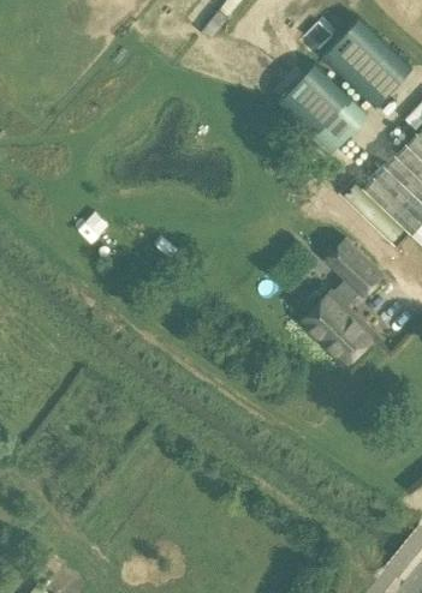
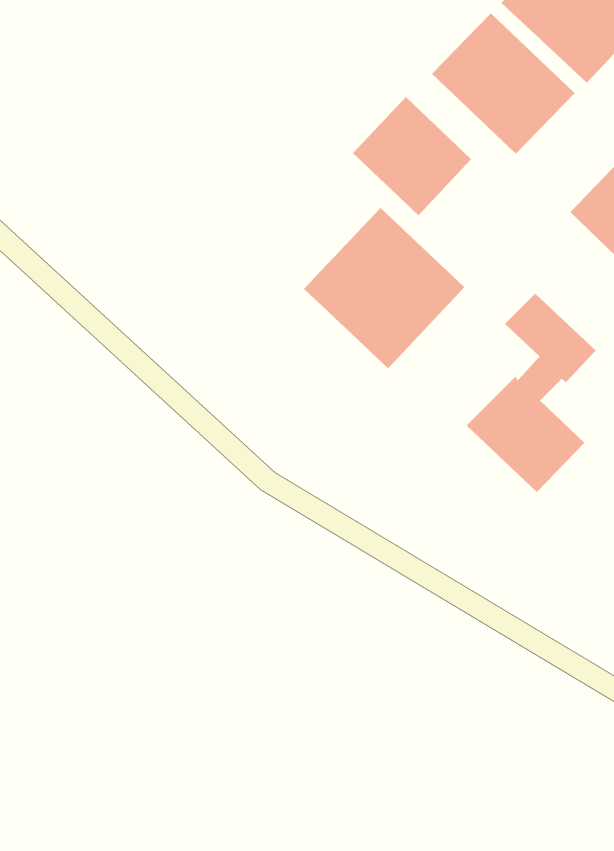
building: none -> [352,96,472,216]
building: none -> [303,207,465,369]

